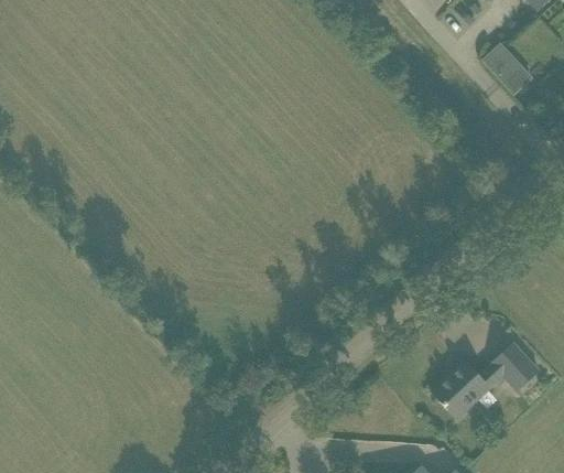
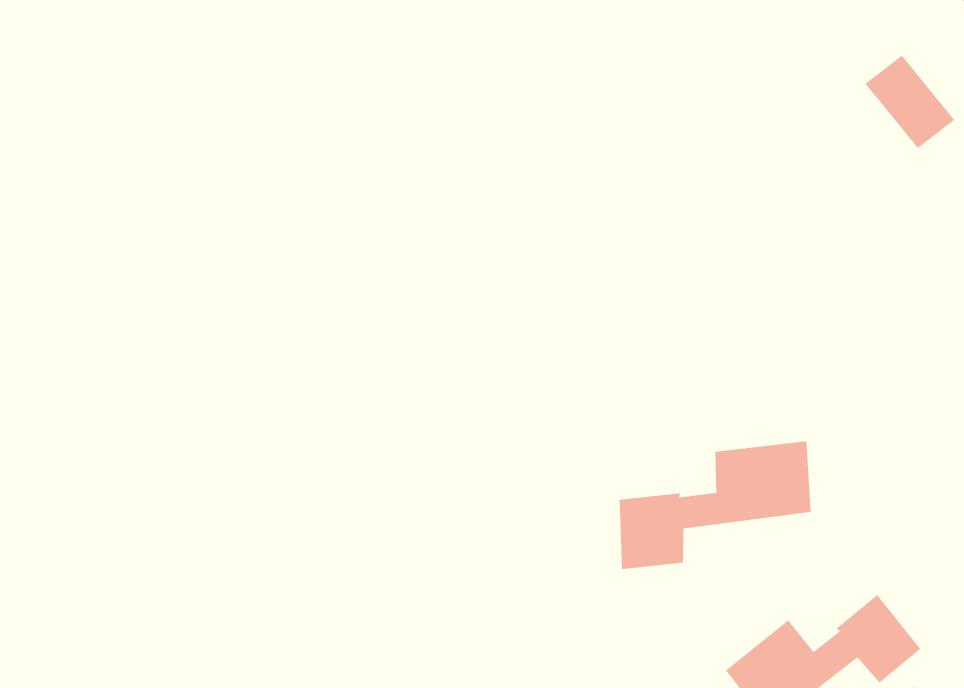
building: none -> [619,441,811,570]

